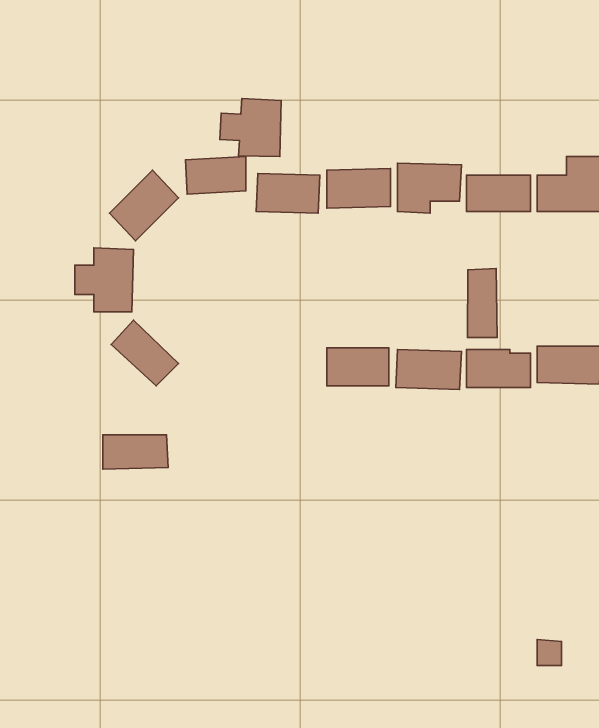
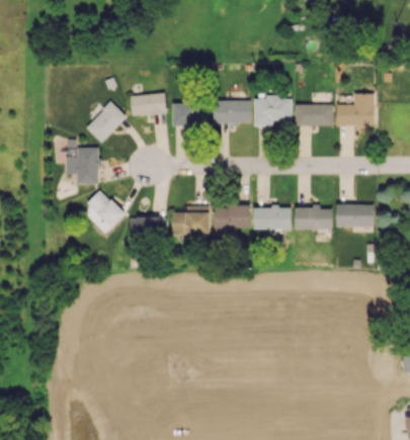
building: [220,99,281,157] -> none
building: [468,268,497,337] -> none
building: none -> [171,205,209,234]
building: [103,435,168,469] -> [129,217,167,238]

